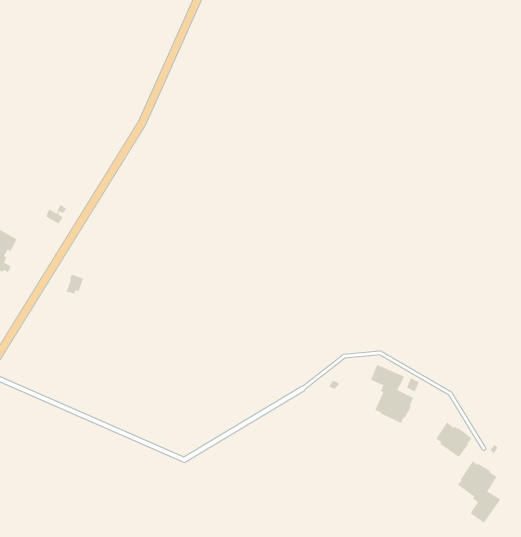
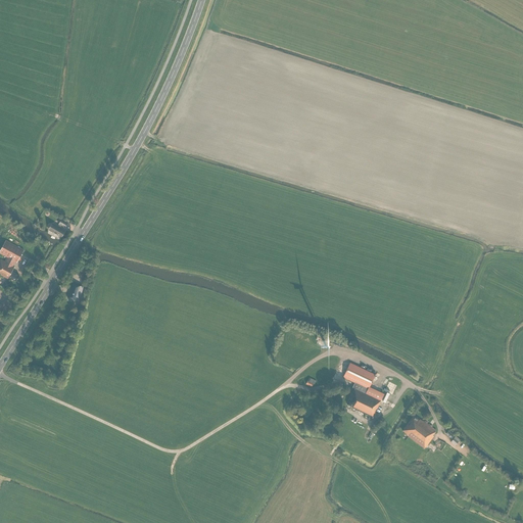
building: [457,460,501,524] -> none

